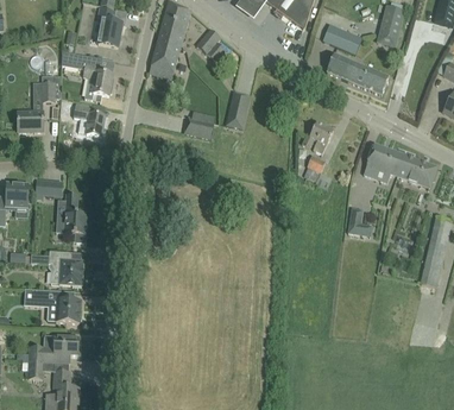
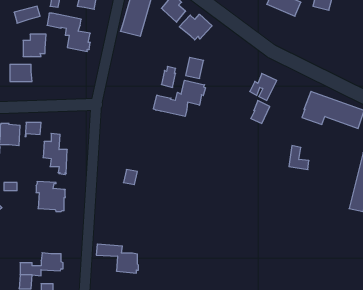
building: none -> [179,14,212,40]
building: [327,53,390,95] -> none
building: [74,103,105,137] -> none
building: none -> [153,80,205,116]
building: [32,289,82,323] -> [96,244,138,273]

